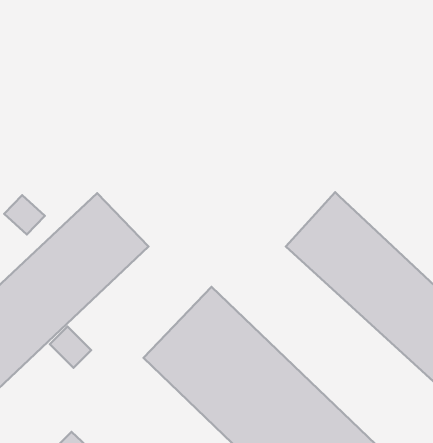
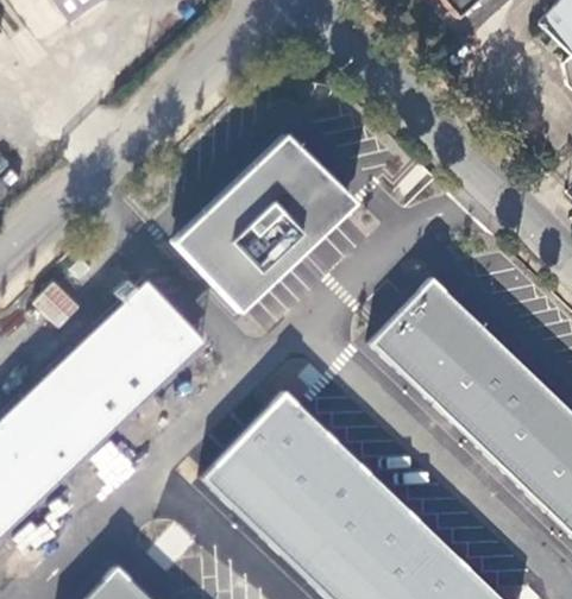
building: none -> [172,137,352,310]

